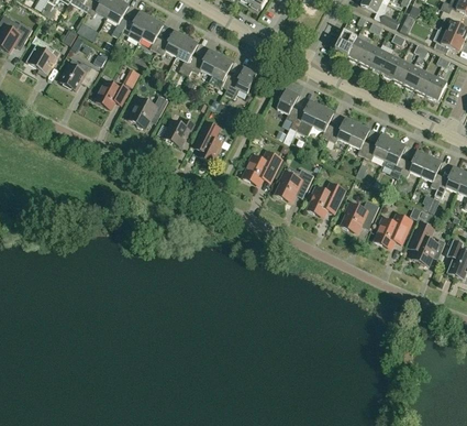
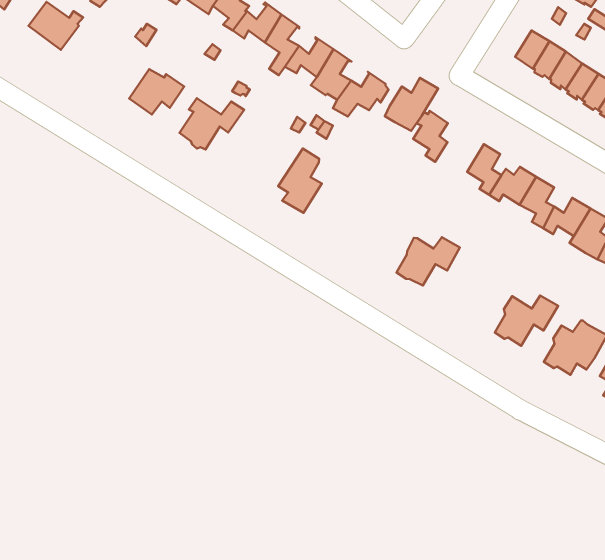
building: [59,61,99,89] -> none
building: [290,100,322,134] -> [385,78,438,131]
building: [163,118,193,145] -> none
building: [243,151,281,184] -> none
building: [307,183,345,215] -> none

